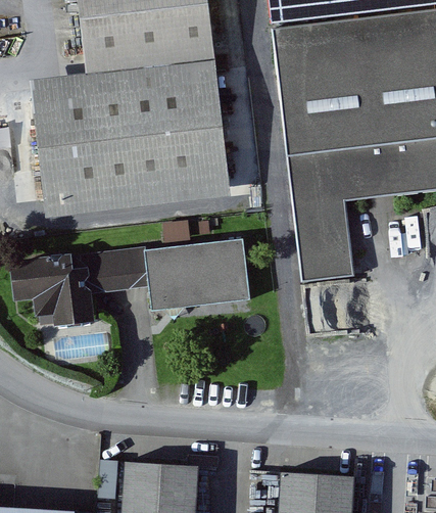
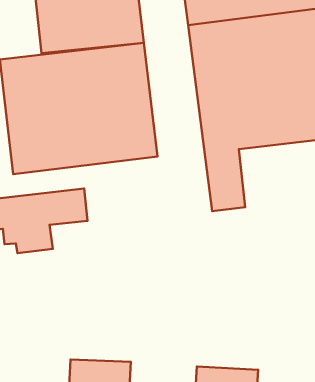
building: [144,240,250,315] -> none

